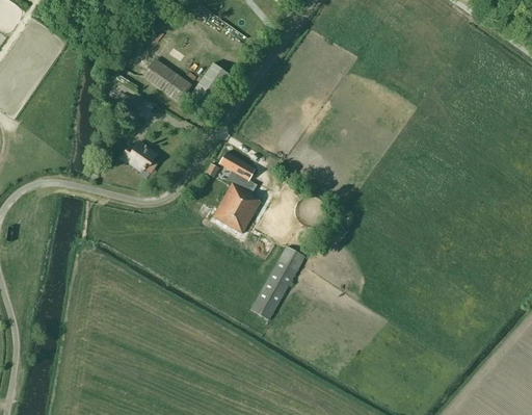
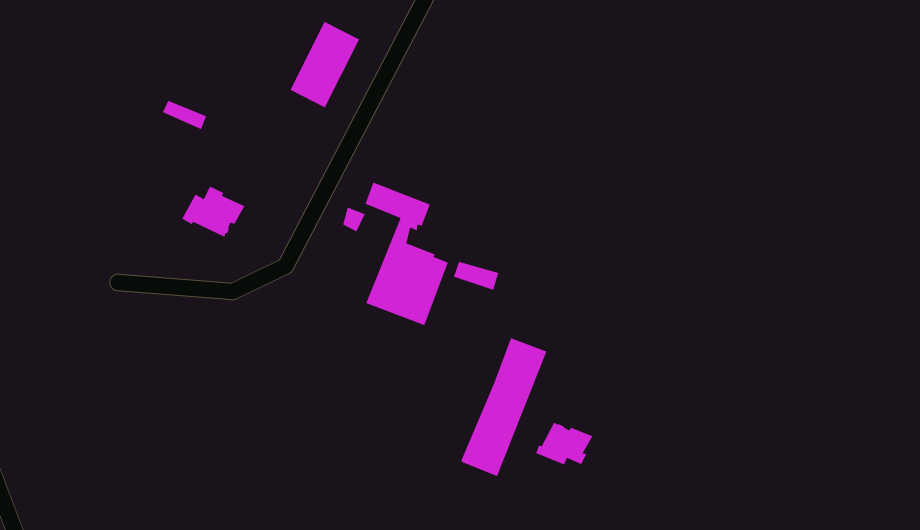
building: [141,58,192,103] -> none
building: none -> [535,422,594,466]

